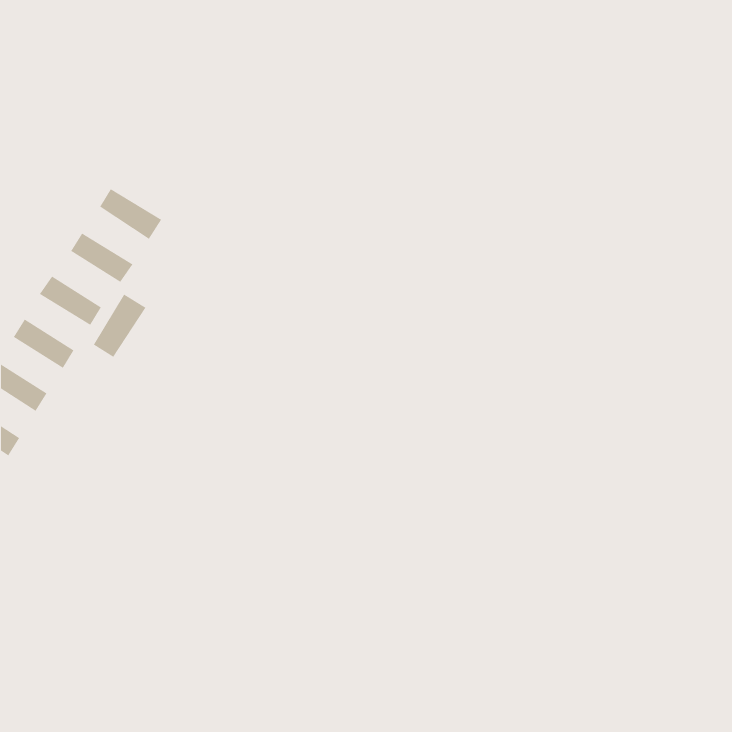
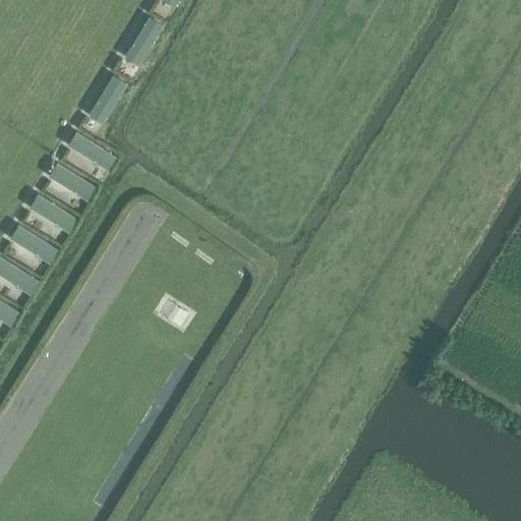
building: none -> [125,19,161,64]
building: none -> [90,76,125,121]
building: [93,293,147,358] -> none

